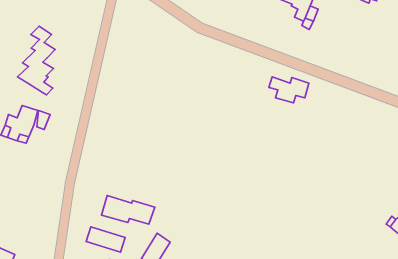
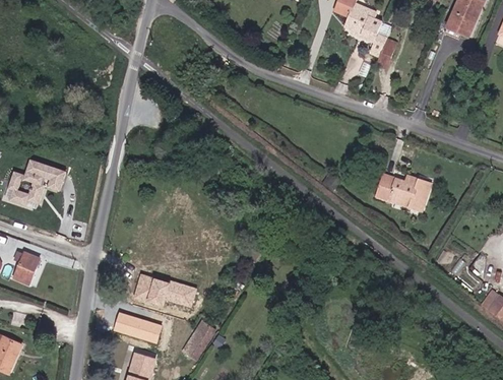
building: [17,26,55,95] -> none
building: [269,77,309,103] -> [371,176,421,208]
building: none -> [13,252,37,283]

